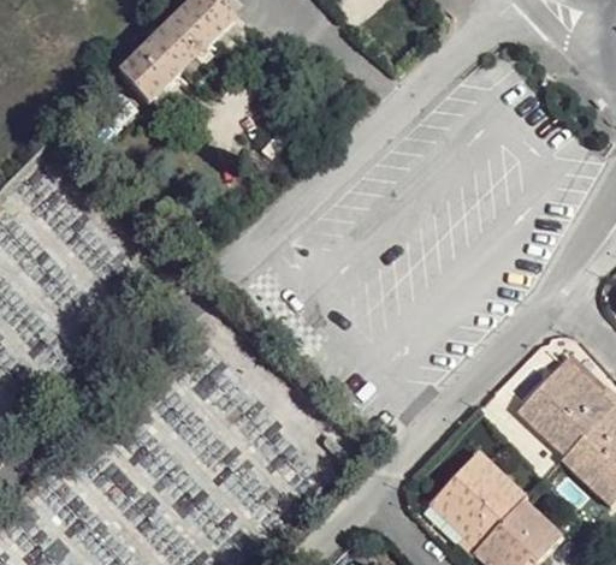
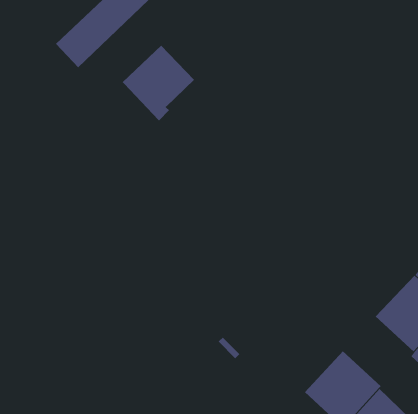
building: none -> [122,45,195,121]

